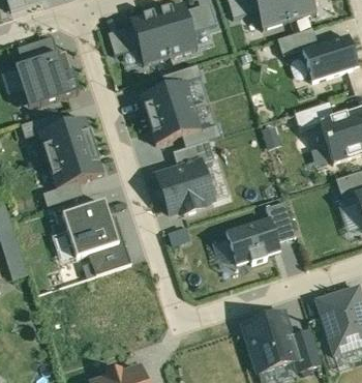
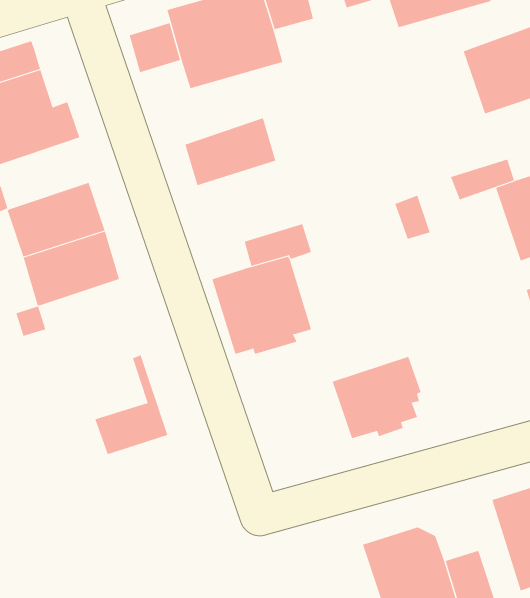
building: [147,104,201,143] -> none
building: [61,200,118,257] -> none
building: [266,202,295,241] -> none

